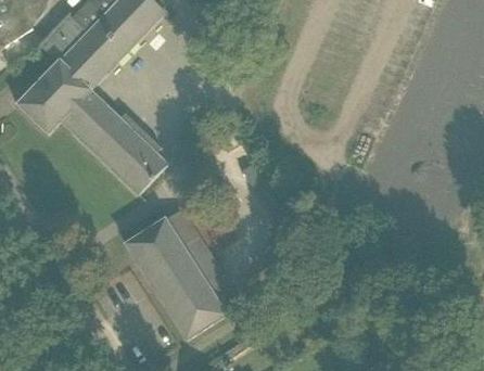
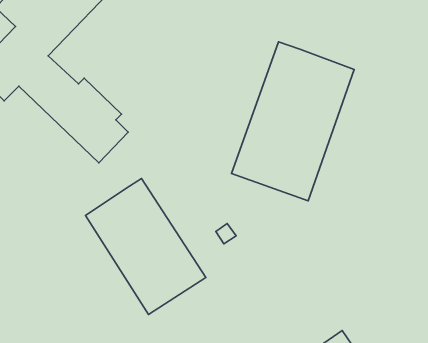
building: none -> [232,42,354,201]

